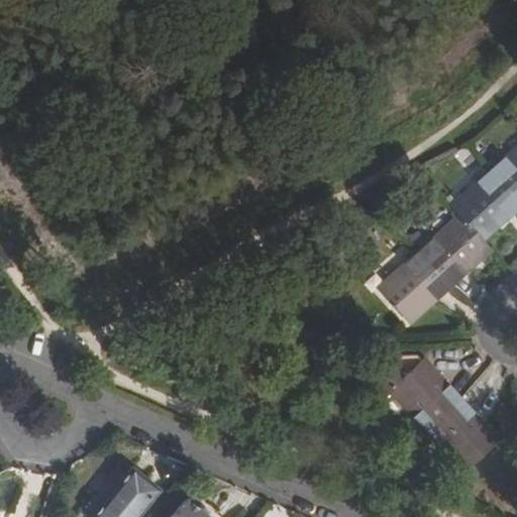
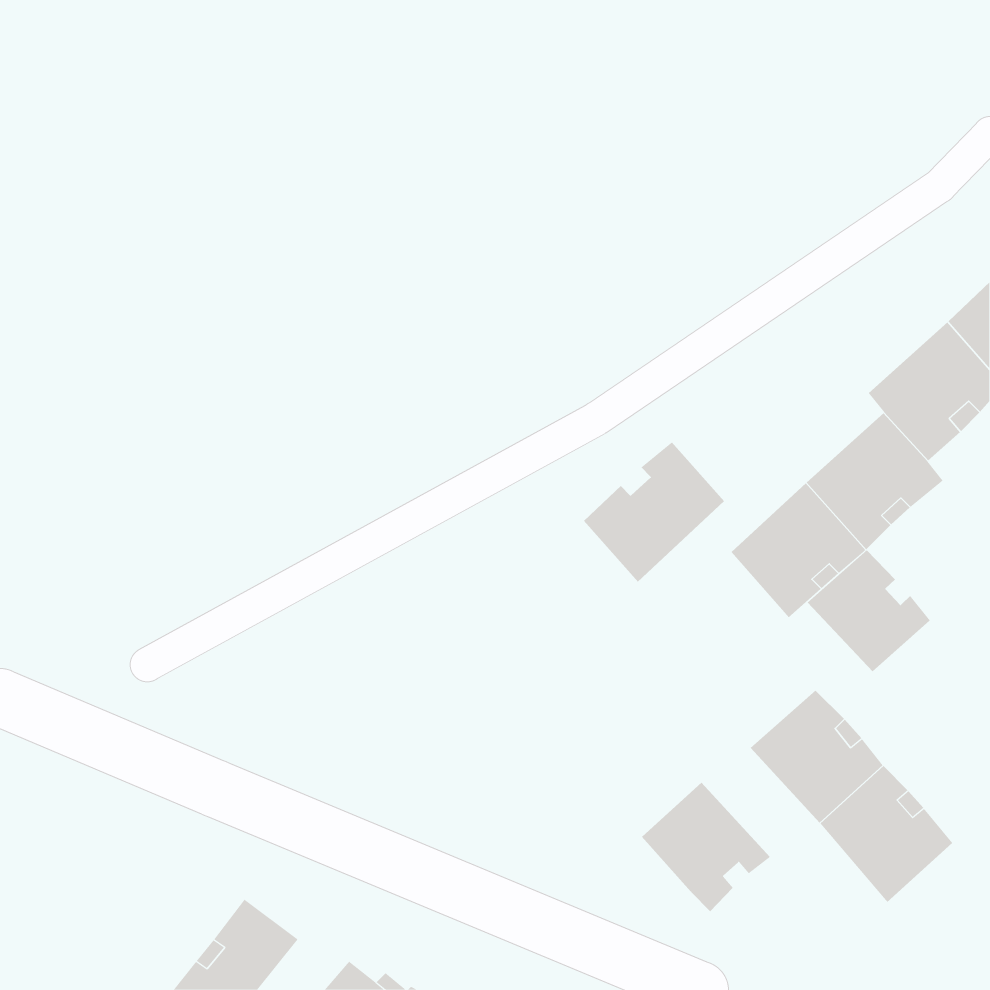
building: none -> [583,441,725,583]
building: none -> [807,549,931,672]
building: none -> [641,782,771,912]

